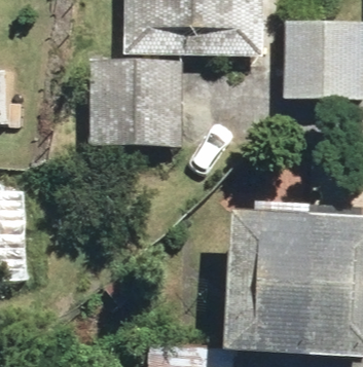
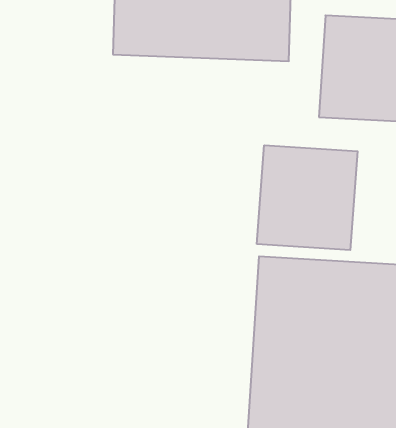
building: [85,58,181,147] -> none
building: none -> [257,145,358,250]

